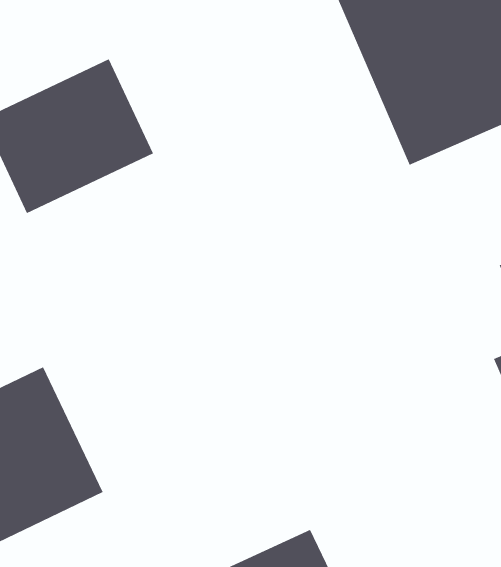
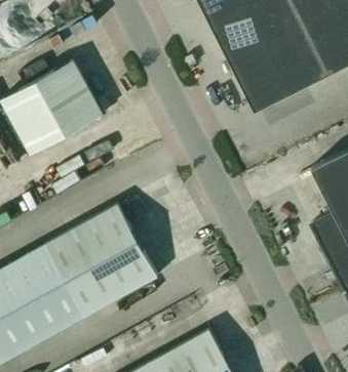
building: none -> [46,204,158,315]

